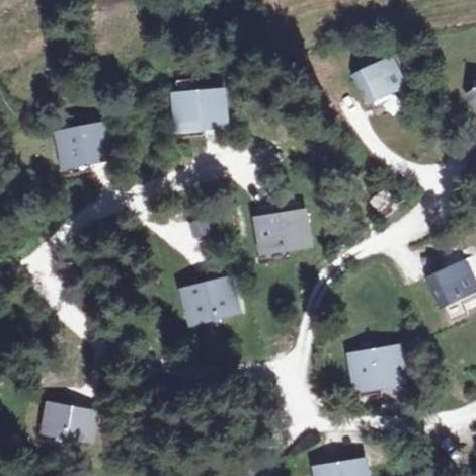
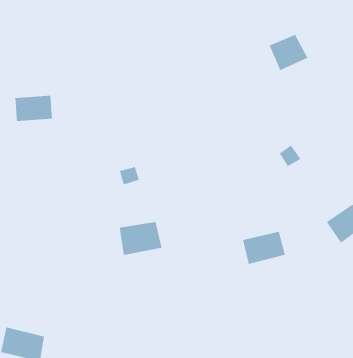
building: [175,89,224,128] -> none
building: [258,212,306,248] -> none
building: [352,346,403,386] -> [242,231,286,265]

